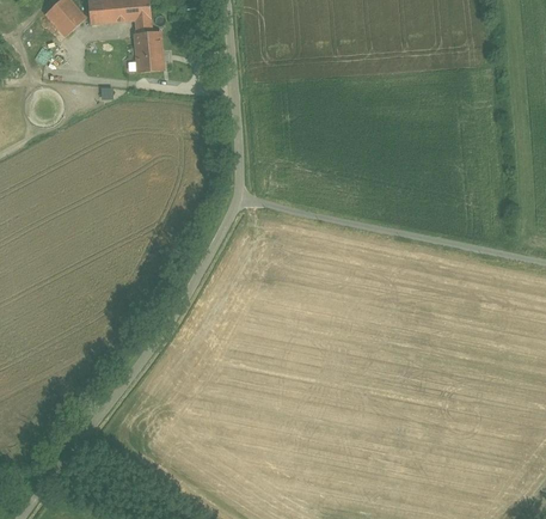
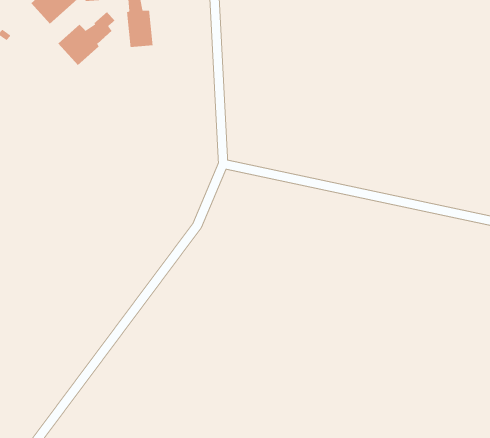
building: none -> [58,11,115,66]

